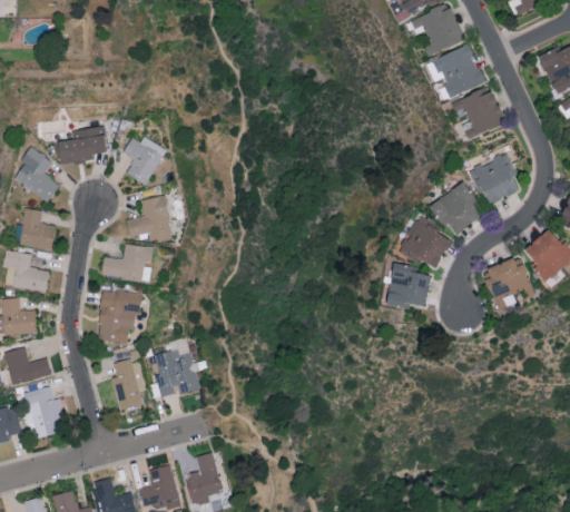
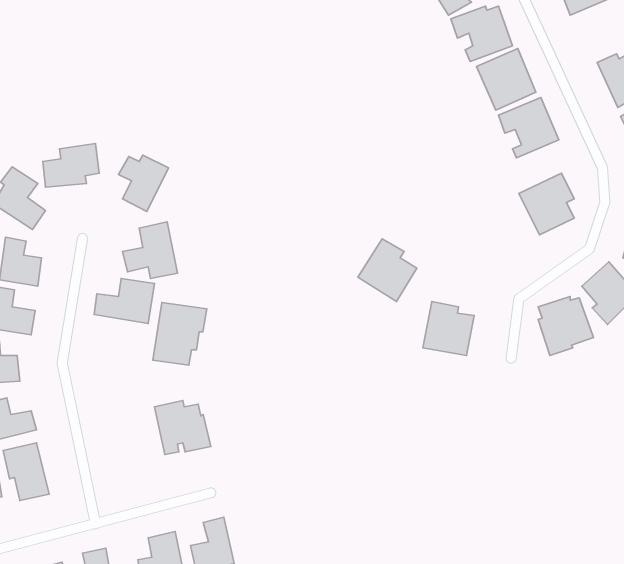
building: [431,181,481,237] -> none
building: [400,216,451,270] -> [358,239,417,302]
building: [96,289,142,344] -> [153,302,207,365]
building: [111,358,146,411] -> none

